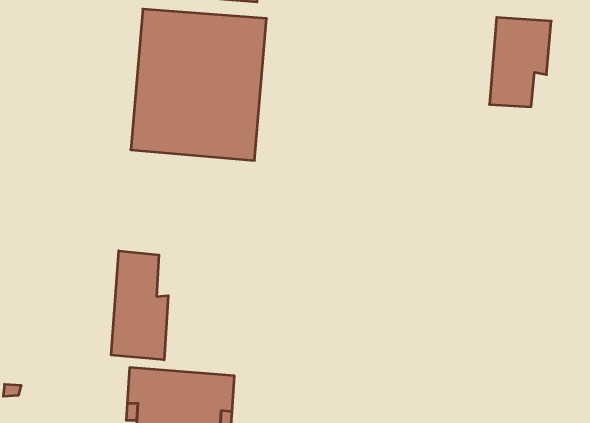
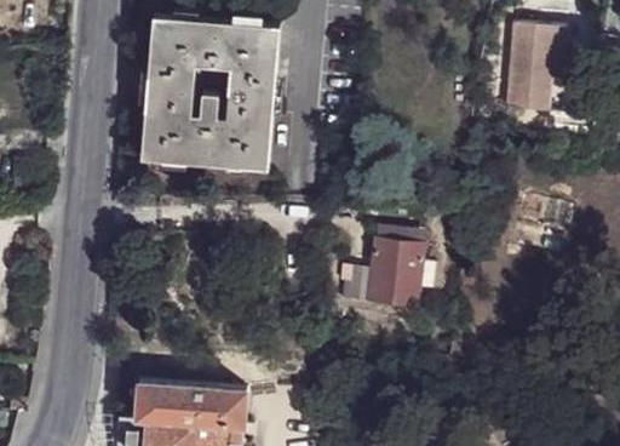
building: none -> [343,227,436,307]
building: [111,251,168,360] -> none

